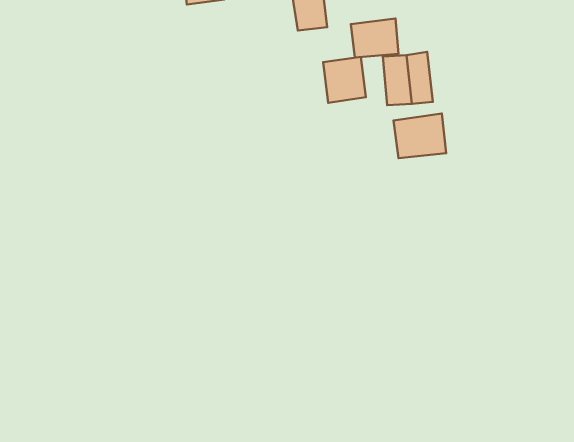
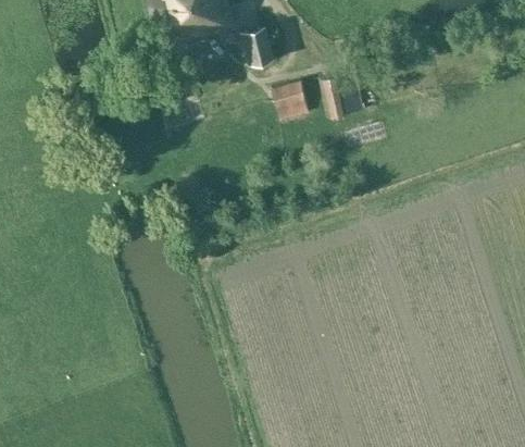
building: [351,19,399,57] -> none
building: [393,113,446,158] -> none

